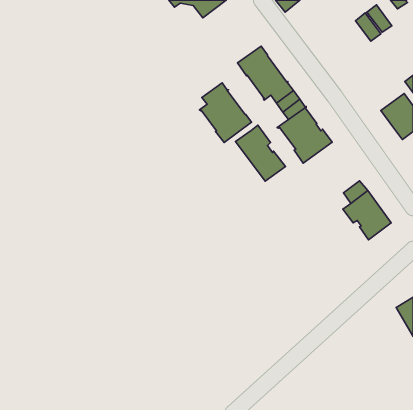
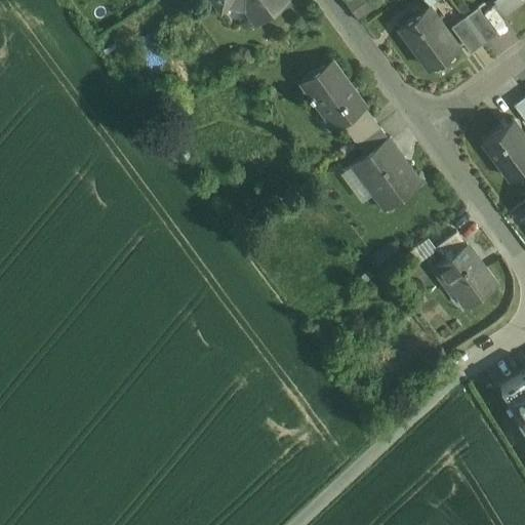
building: none -> [399,7,459,71]
building: [200,83,252,142] -> none
building: [236,125,285,181] -> none

